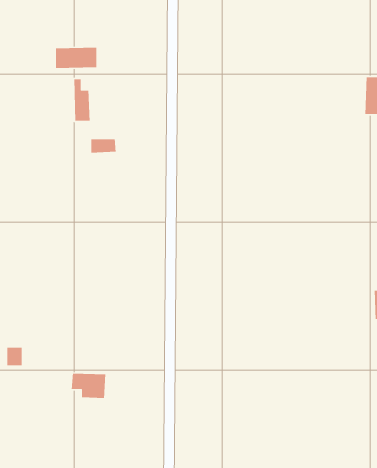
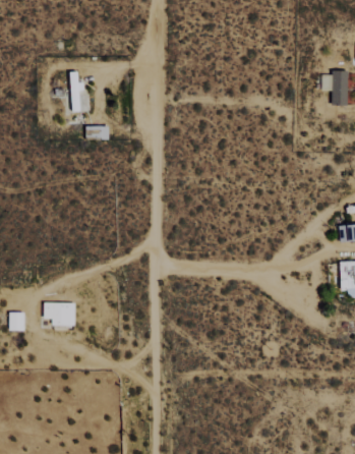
building: [55,47,97,69] -> none
building: [71,373,106,399] -> [43,303,74,327]

